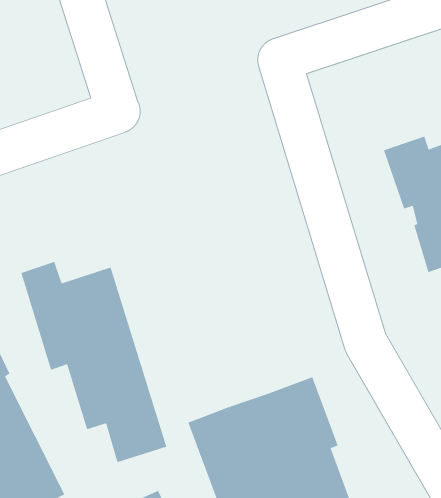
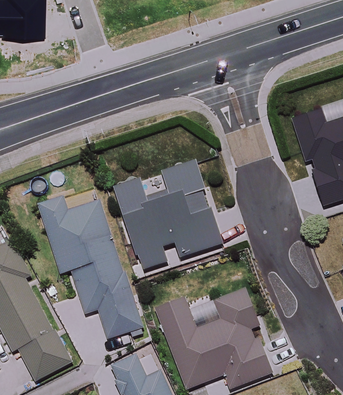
building: none -> [114,160,223,271]

